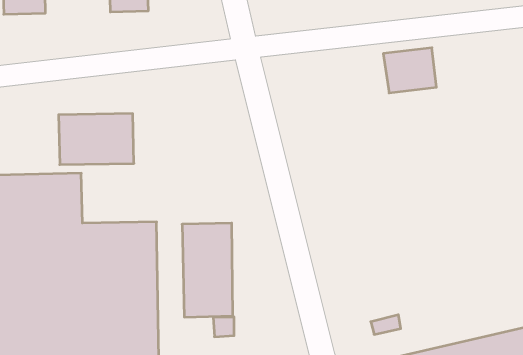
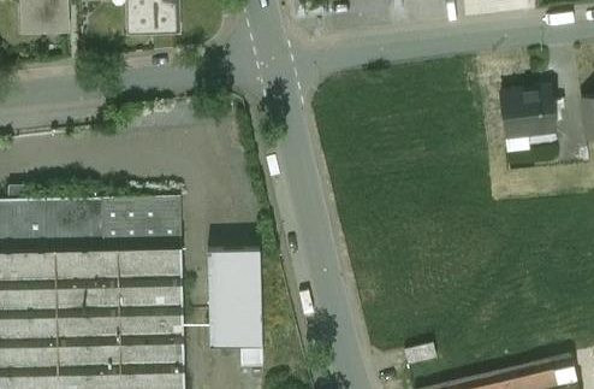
building: [383,48,436,93] -> [500,89,556,136]
building: [59,114,134,165] -> [103,198,182,251]

